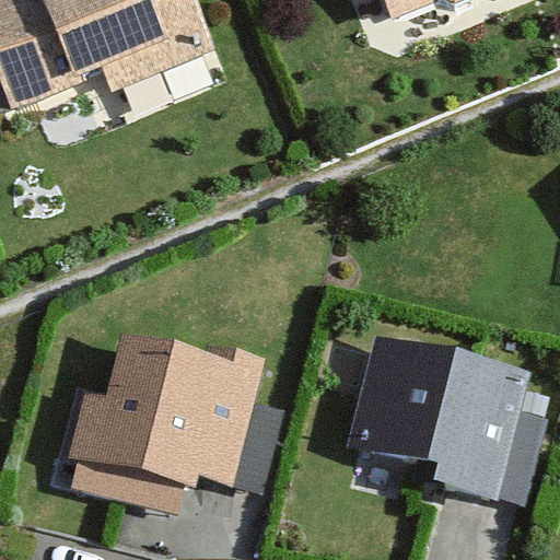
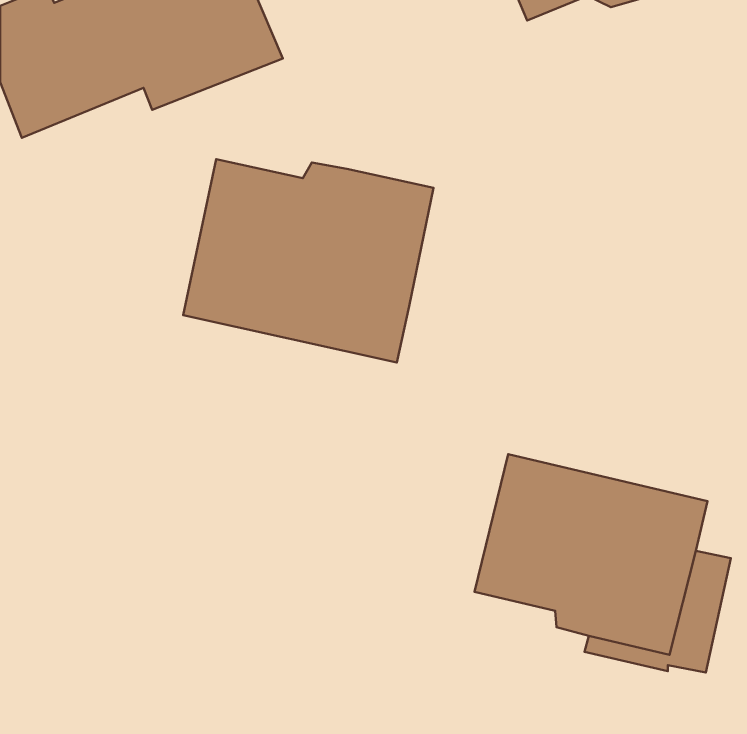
building: none -> [183,159,433,362]
building: [62,346,256,495] -> none

